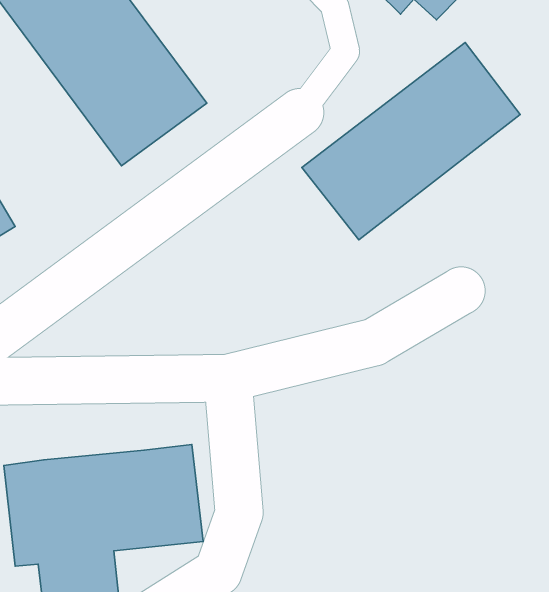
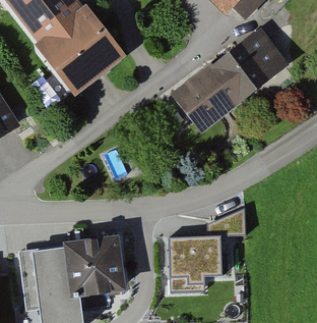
building: none -> [166,236,215,289]

